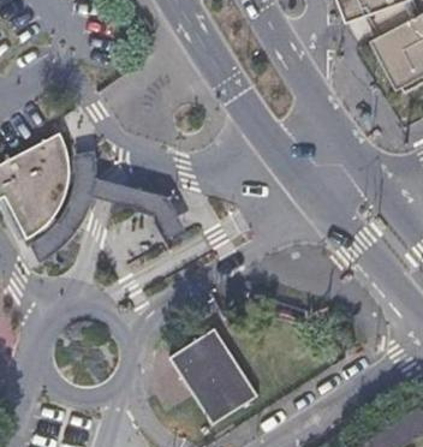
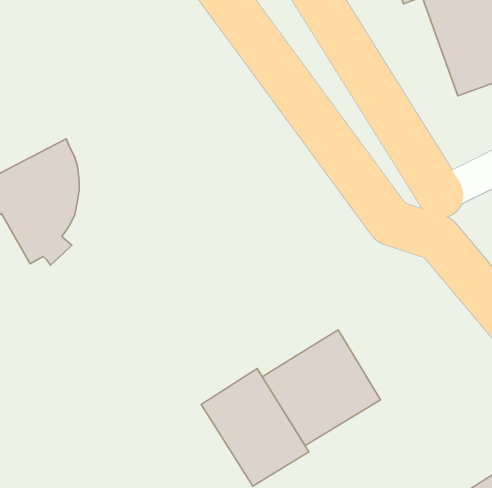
building: [29,150,184,262] -> none
building: none -> [262,330,381,446]

